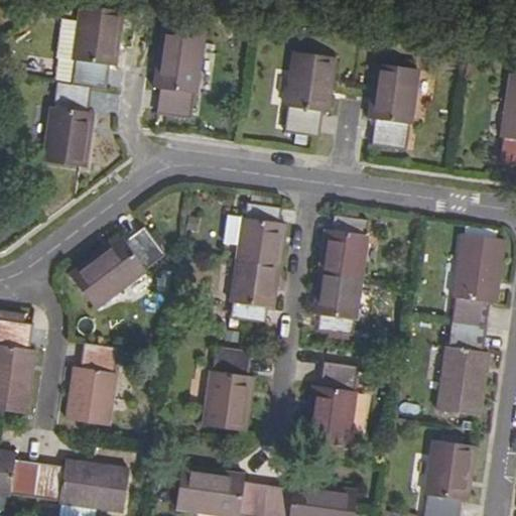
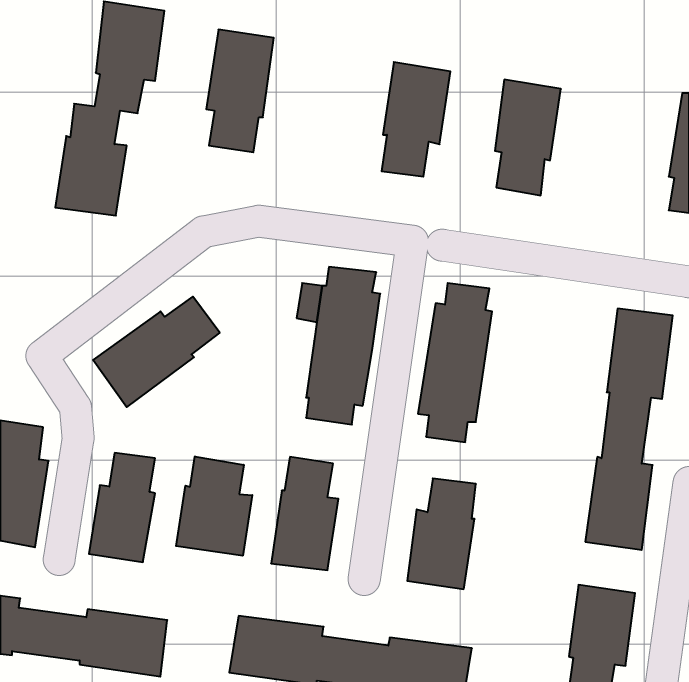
building: none -> [176,456,252,556]

